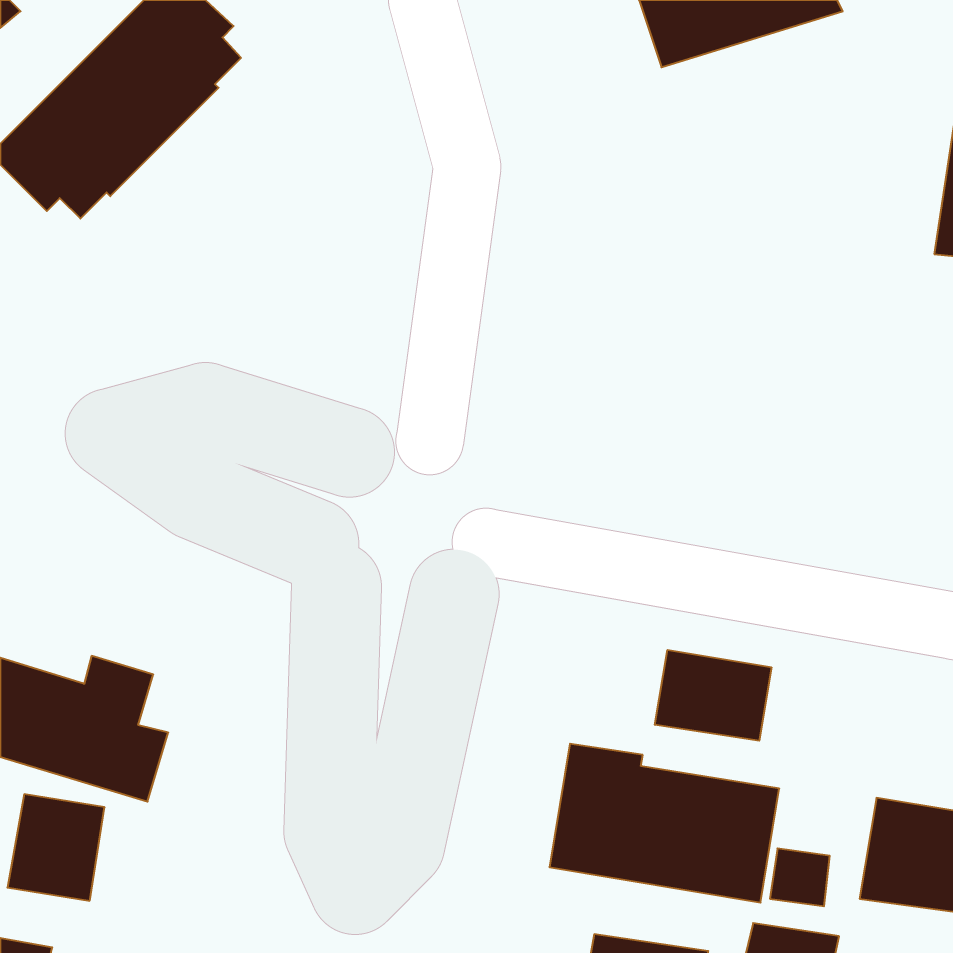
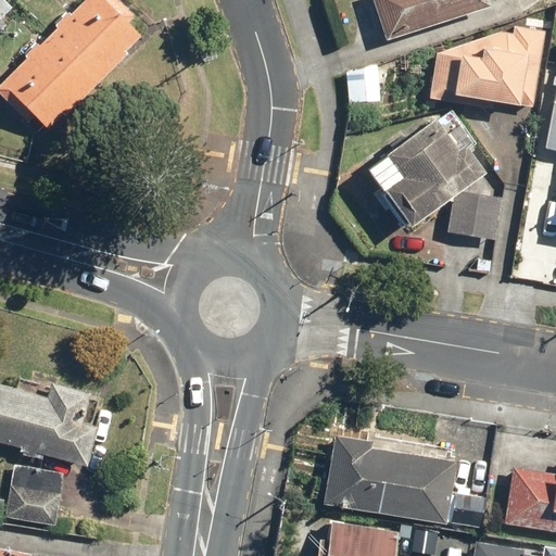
building: none -> [428,26,544,108]
building: none -> [367,106,498,239]
building: [655,650,771,741] -> none

